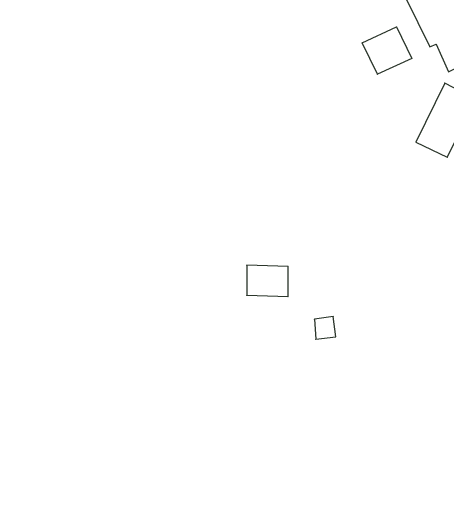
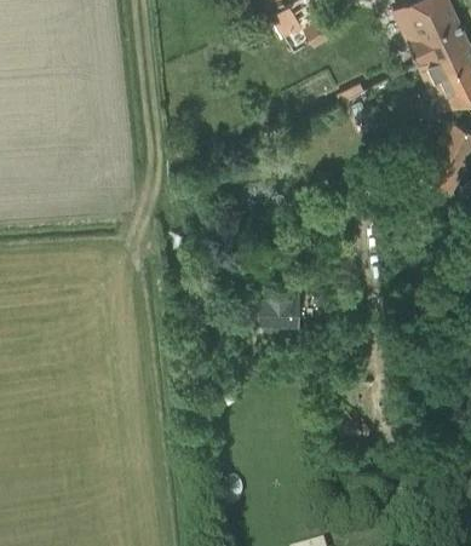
building: [362,27,412,74] -> none

